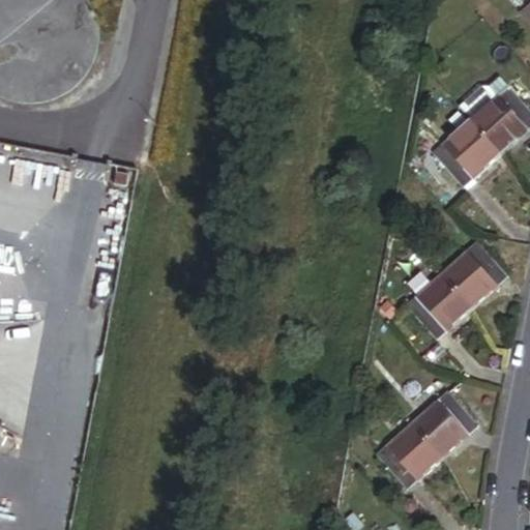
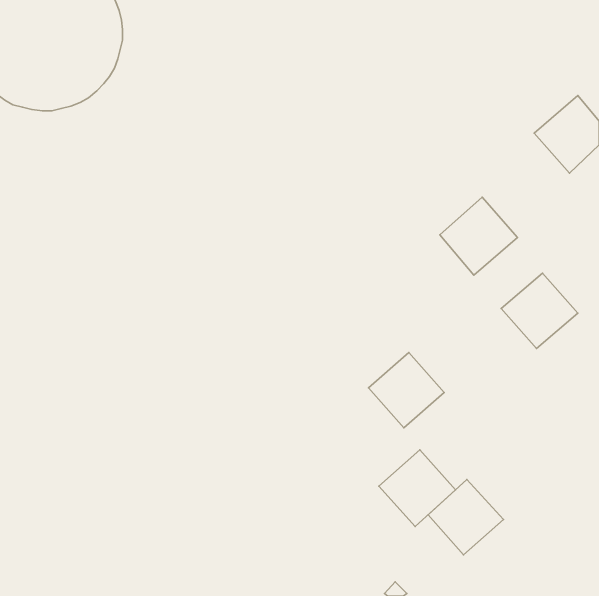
building: [432,117,500,185] -> [440,197,518,275]
building: [405,271,471,337] -> [369,352,444,428]
building: [410,389,477,457] -> [379,450,455,526]

